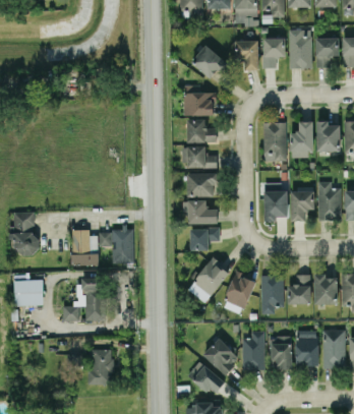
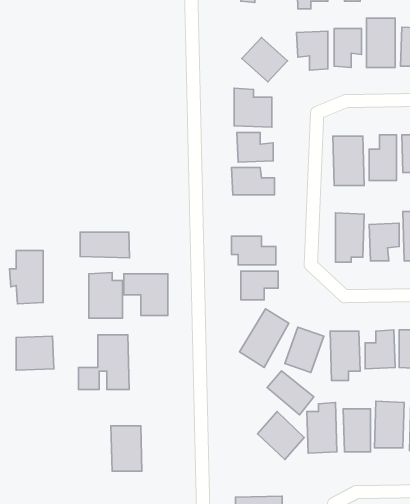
building: [187,172,216,196] -> none
building: none -> [80,232,129,258]
building: [188,361,225,396] -> [267,371,314,415]

